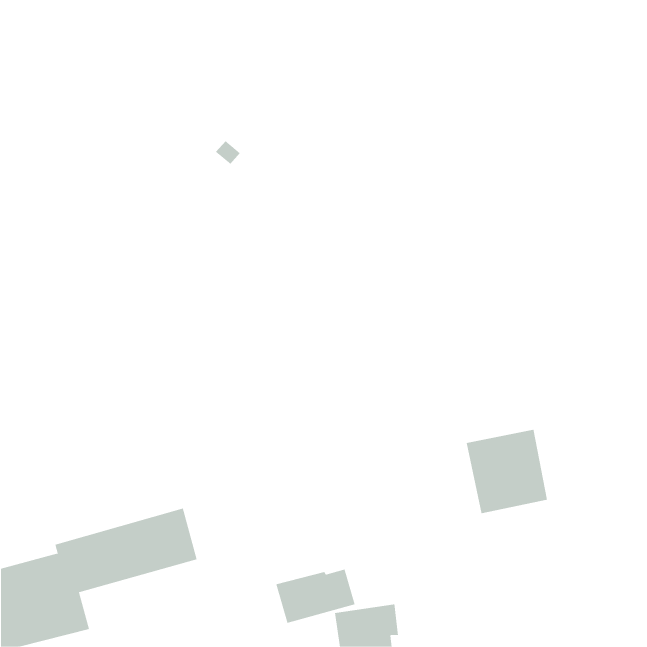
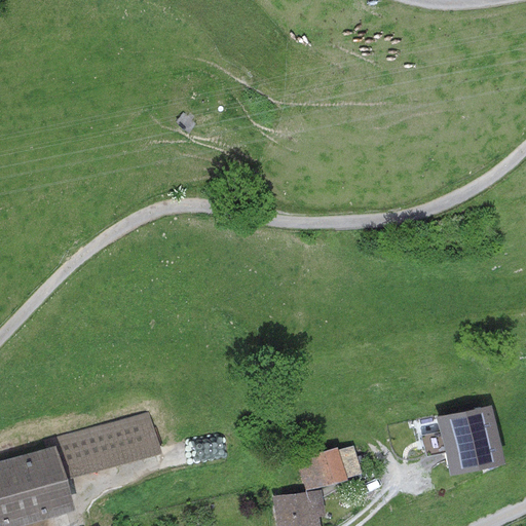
building: [466,429,548,514] -> [436,406,502,475]
building: [276,569,355,623] -> [296,446,361,490]

